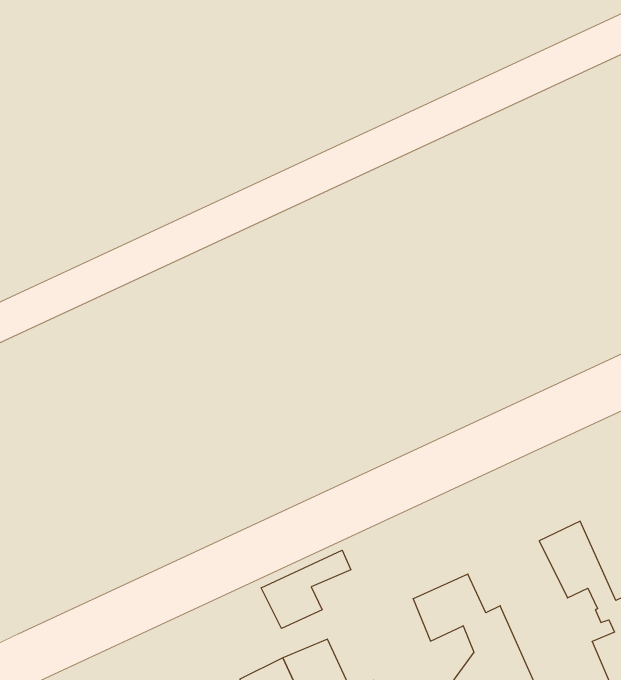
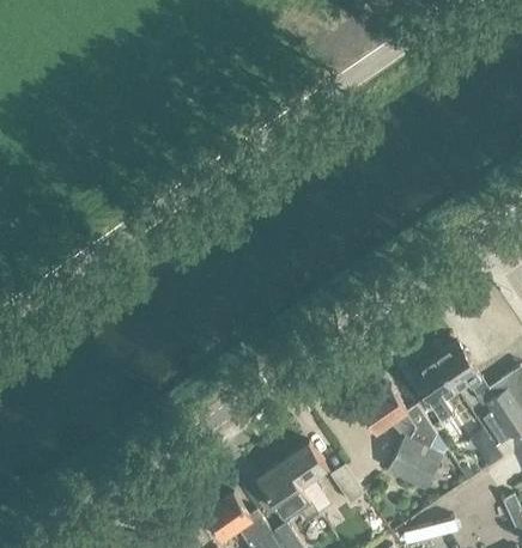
building: none -> [412,360,457,420]
building: [261,550,351,628] -> none

